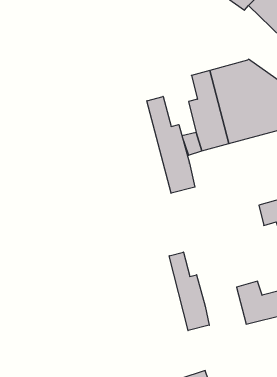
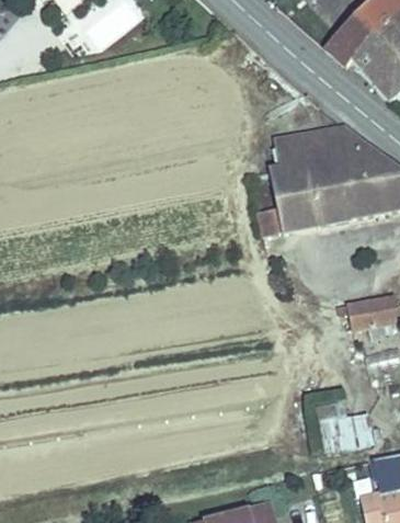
building: [147,96,195,193] -> none
building: [169,252,209,331] -> none

